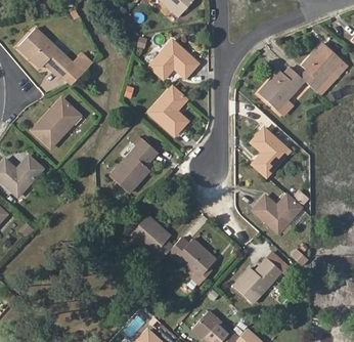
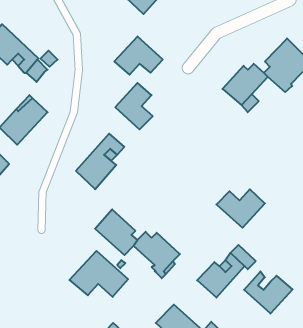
building: [251,128,290,176] -> none
building: none -> [69,251,128,297]
building: none -> [244,271,293,314]

